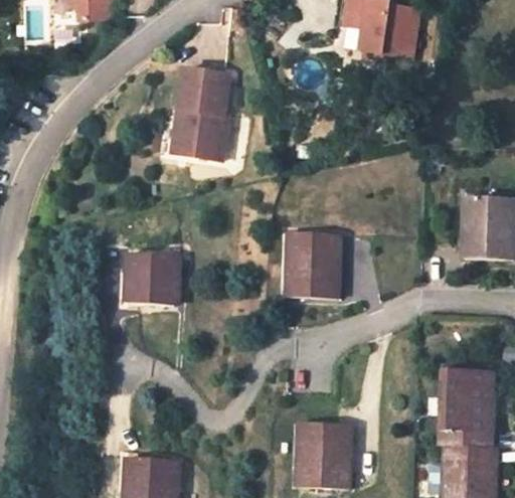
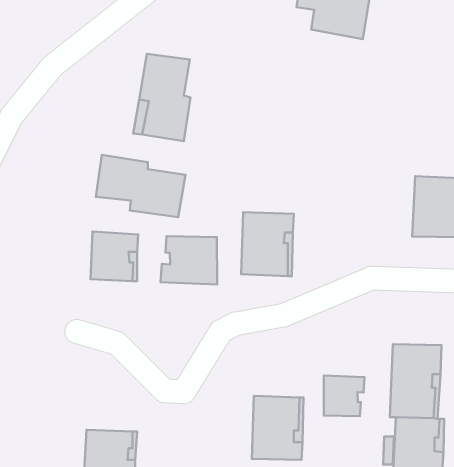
building: none -> [96,155,186,217]
building: none -> [161,236,217,284]
building: none -> [324,375,365,416]

